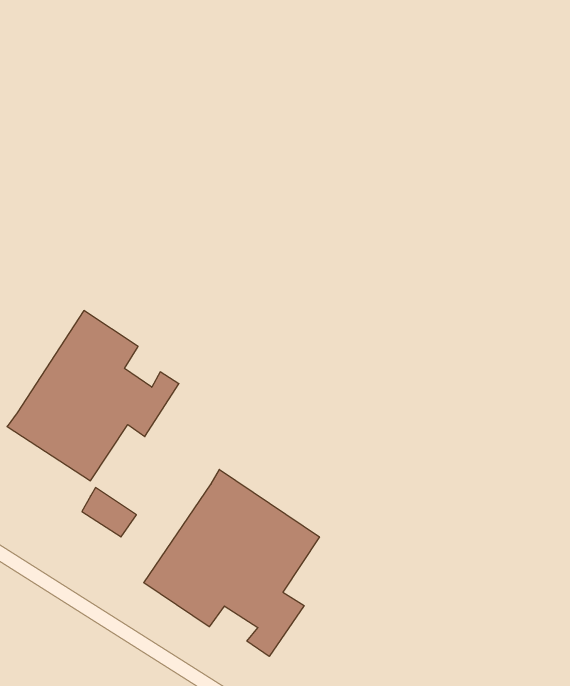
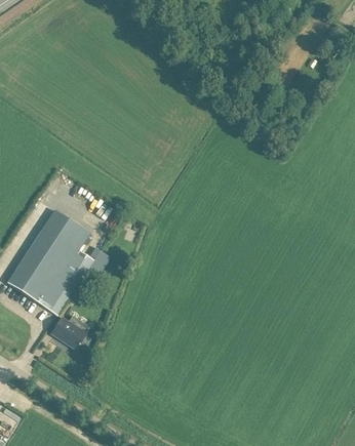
building: [144,469,319,656] -> none

